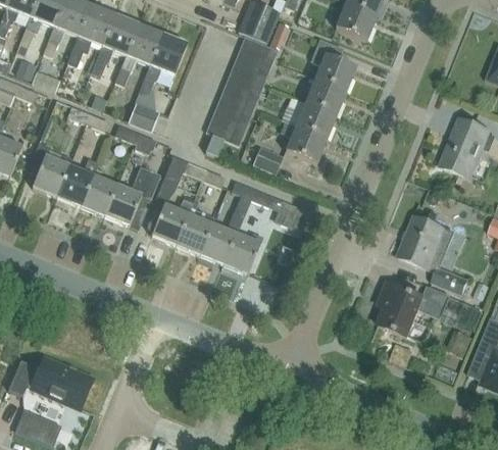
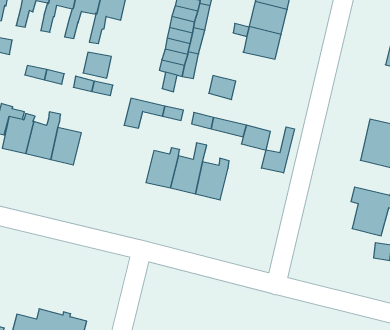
building: [280,120,327,162] -> none
building: [103,167,160,226] -> none
building: [151,203,191,245] -> none
building: none -> [261,127,294,173]

